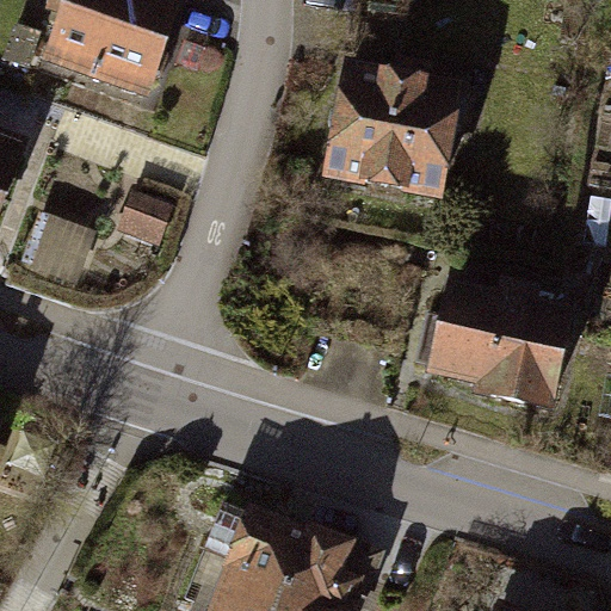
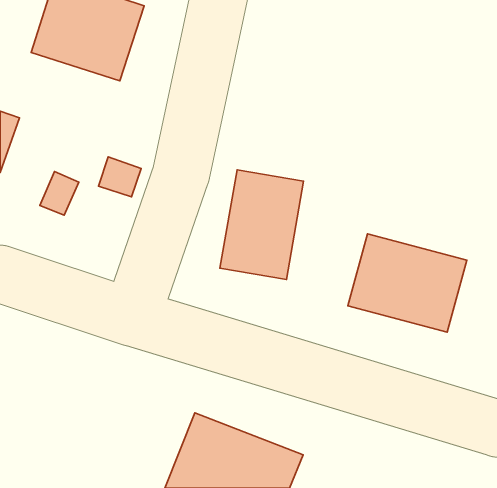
building: [321,60,458,195] -> none
building: none -> [220,170,303,279]

